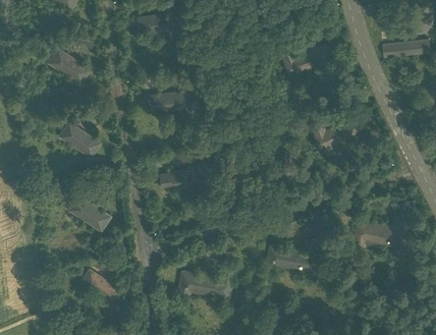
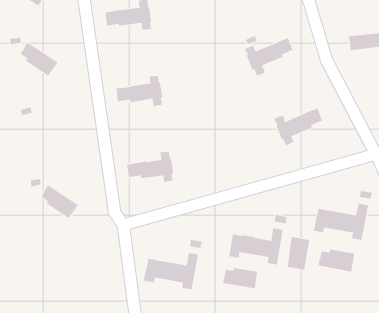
building: [58,122,98,158] -> none
building: none -> [287,236,310,271]
building: none -> [318,249,355,273]
building: [79,270,119,305] -> none
building: none -> [222,267,258,289]

